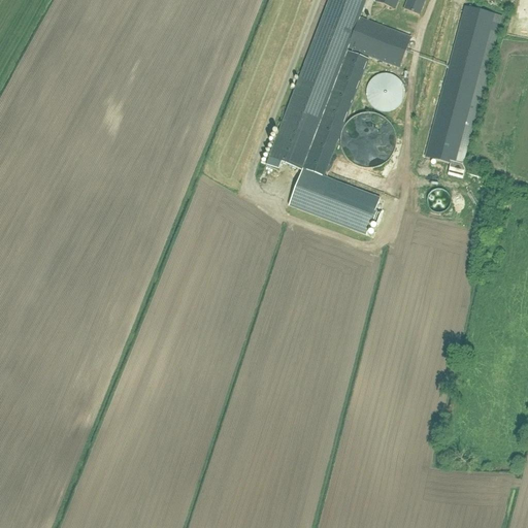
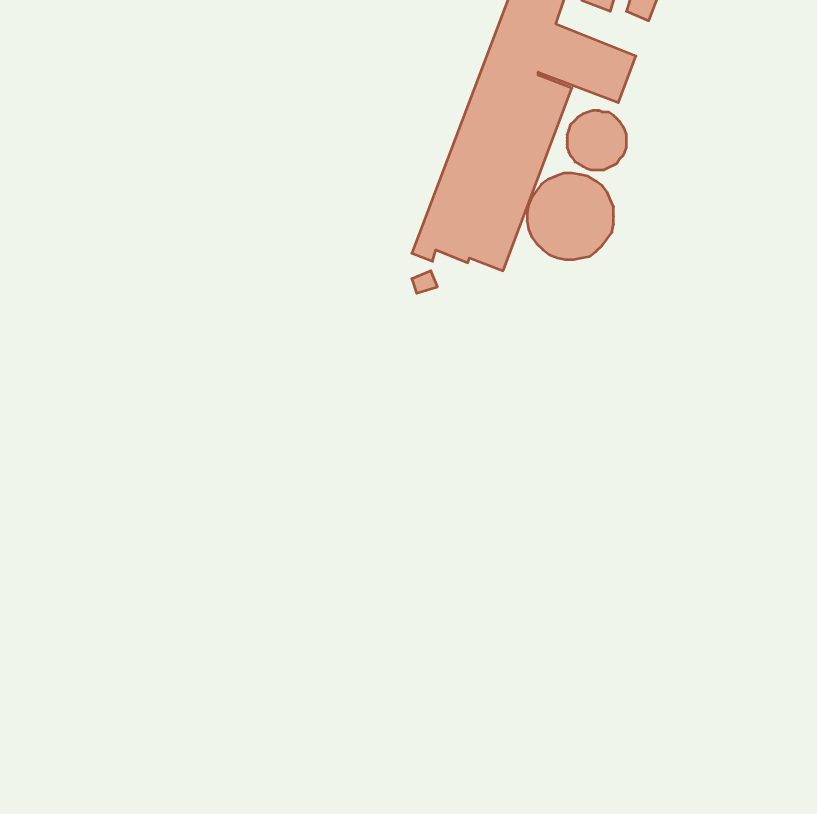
building: [425,5,501,171] -> none
building: [288,166,380,233] -> none

